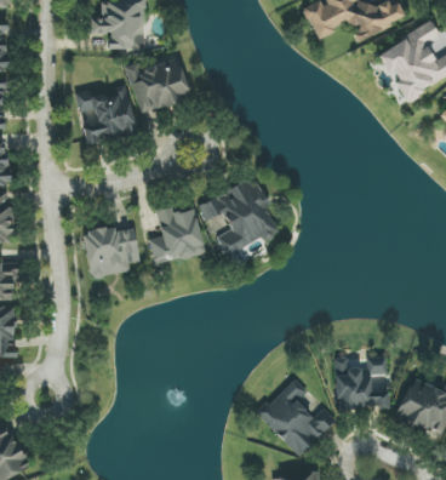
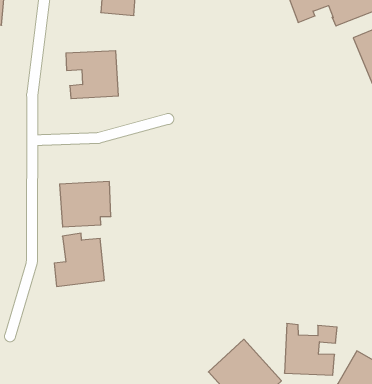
building: [125,57,191,115] -> none
building: [200,176,282,268] -> none
building: [149,205,204,263] -> [54,233,104,286]

